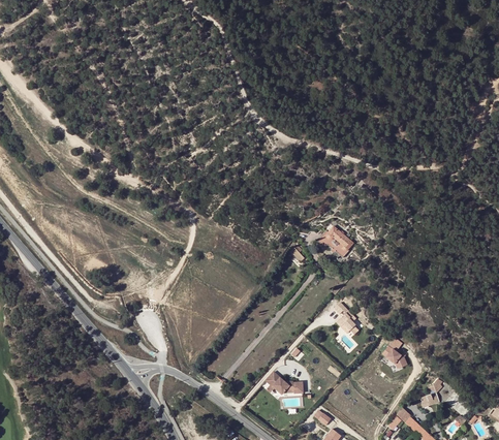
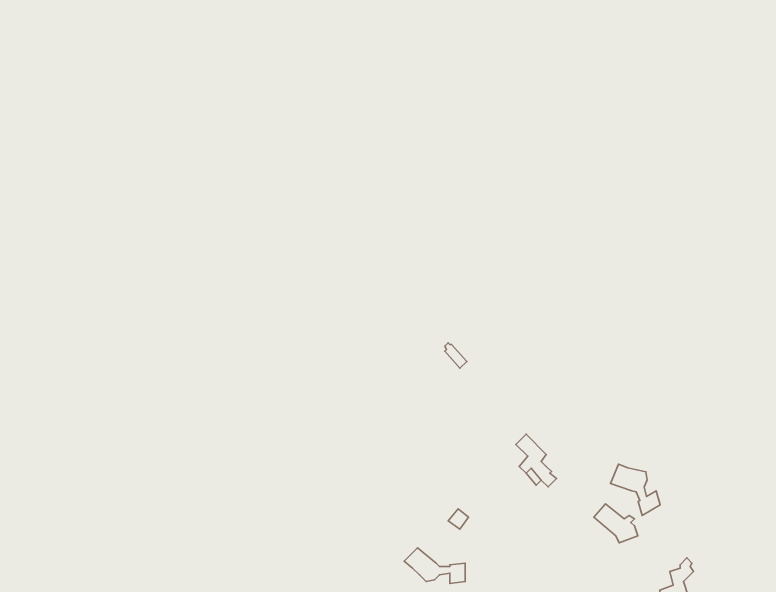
building: [317,226,353,258] -> none
building: none -> [610,464,660,515]

